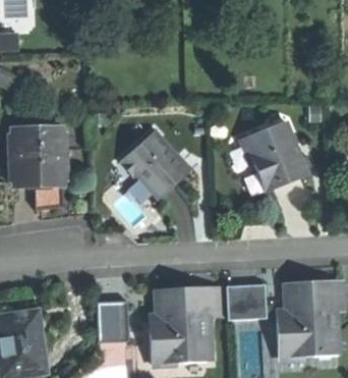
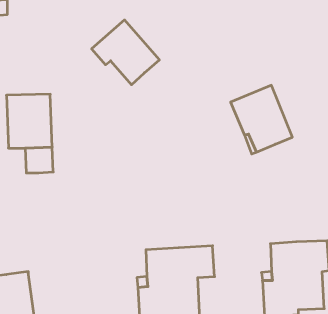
building: [120,131,189,198] -> [92,20,159,85]
building: [226,283,267,320] -> none
building: [95,300,126,338] -> none

